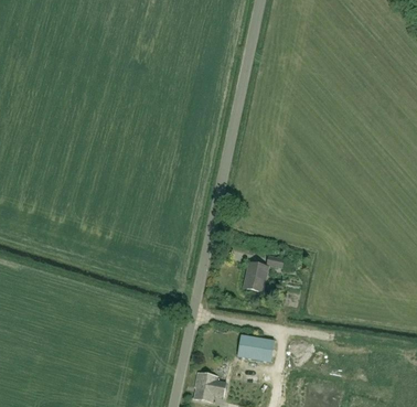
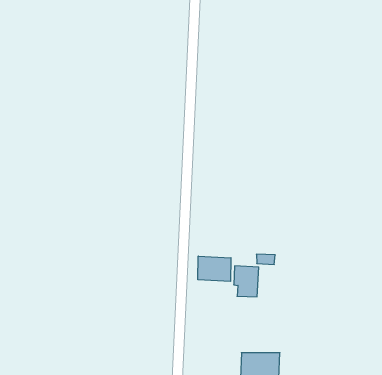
building: none -> [198,256,231,281]

